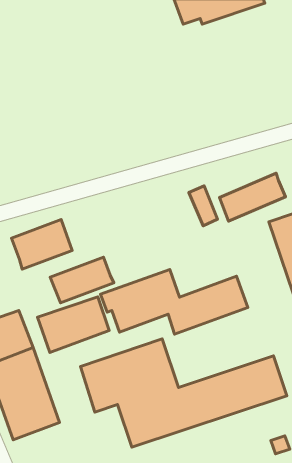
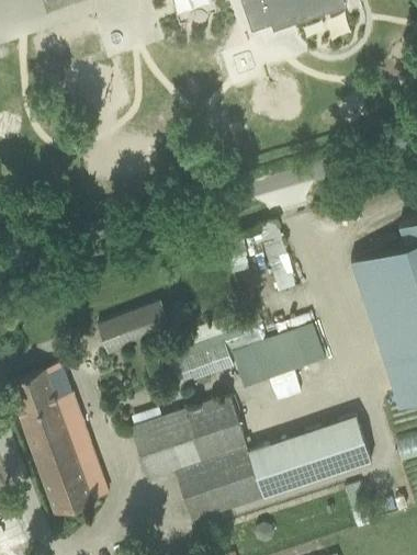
building: [219,173,285,221] -> none
building: [11,219,72,269] -> none
building: [37,297,109,352] -> none

